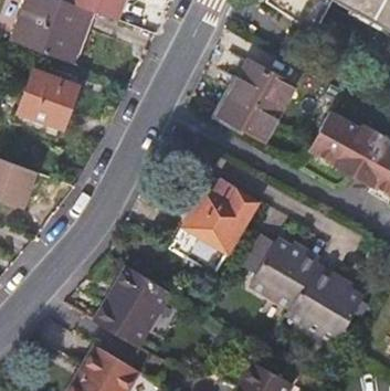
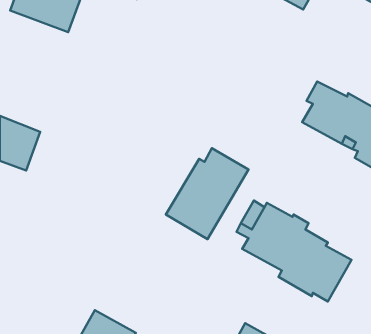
building: [219,49,292,136] -> none
building: [15,67,78,131] -> none
building: [96,264,170,345] -> none

